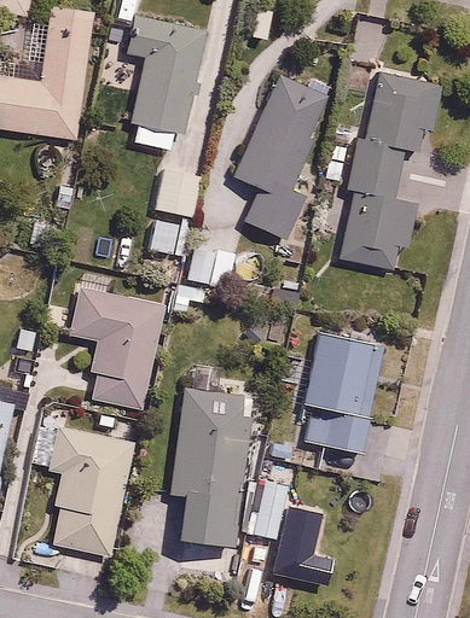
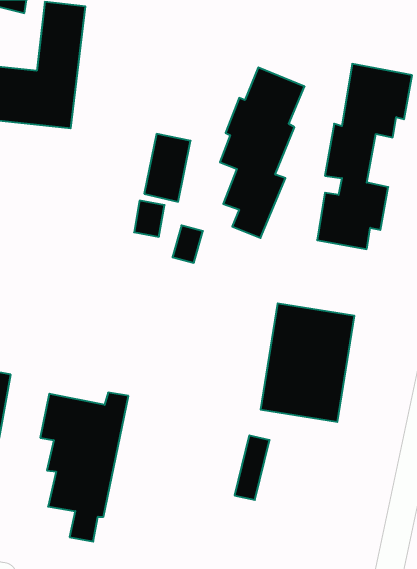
building: [110,14,203,134] -> none
building: [53,272,163,412] -> none
building: [167,386,250,543] -> none
building: [275,507,336,583] -> none

